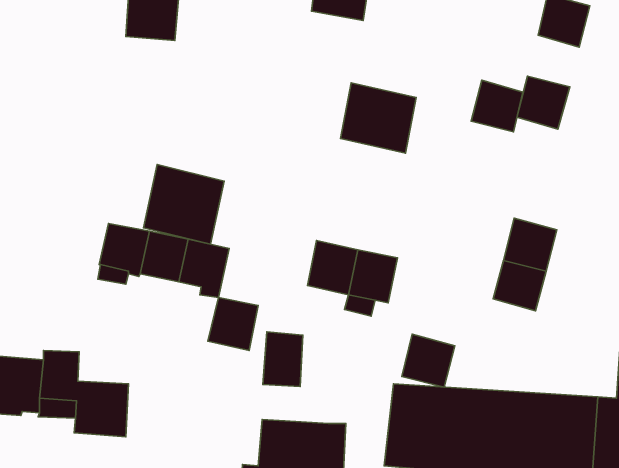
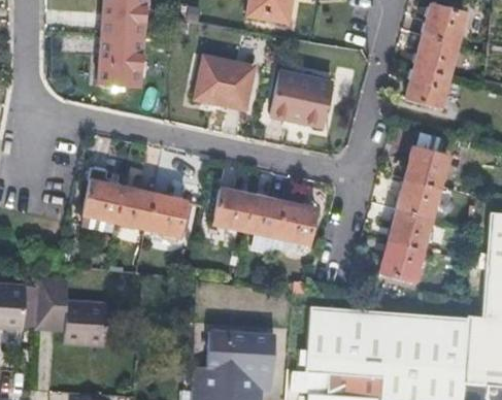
building: none -> [98,35,141,86]
building: none -> [194,55,254,109]
building: [471,80,523,132] -> [415,34,456,74]
building: [143,165,224,244] -> none
building: none -> [405,146,446,186]
building: [208,298,258,351] -> [212,188,252,229]
building: [263,332,303,387] -> none
building: [402,334,455,387] -> [380,239,422,280]

